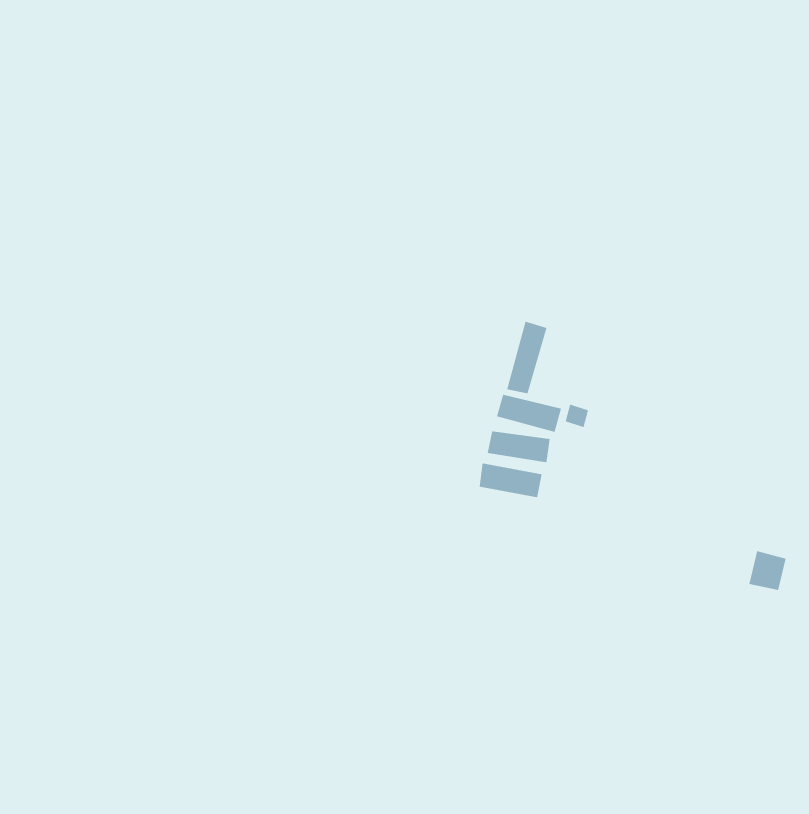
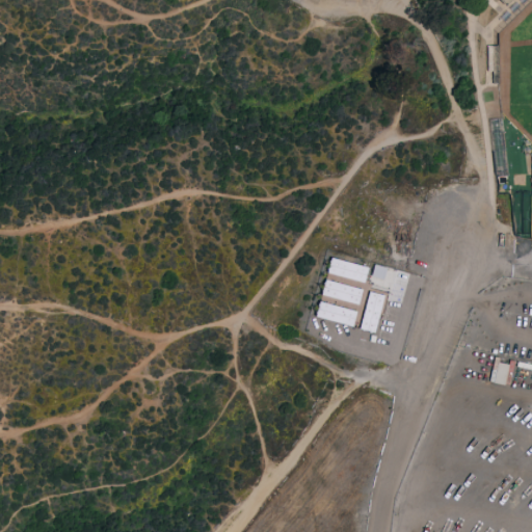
building: [506,321,547,394] -> none
building: none -> [361,291,385,332]

